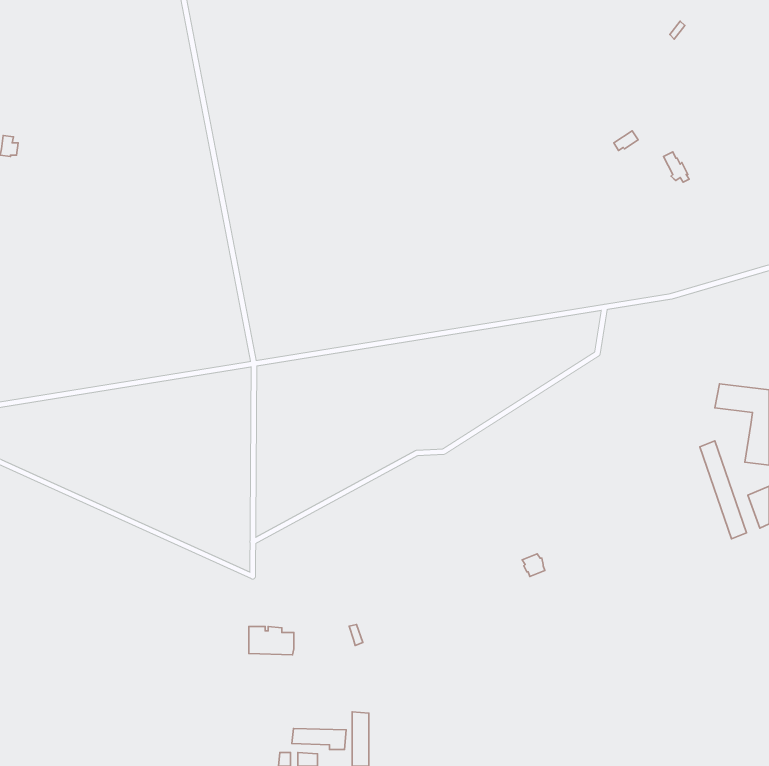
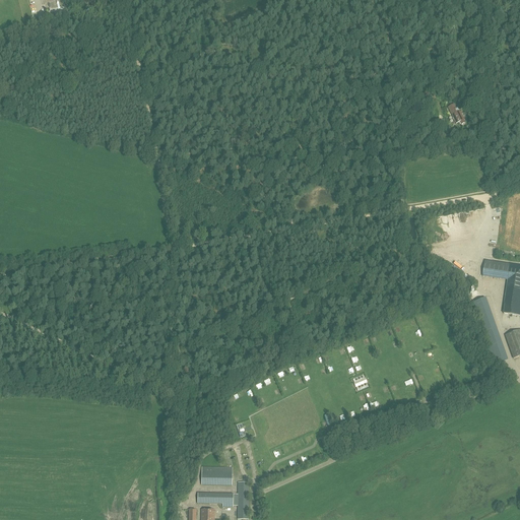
building: [249,626,294,655] -> [202,465,233,484]

